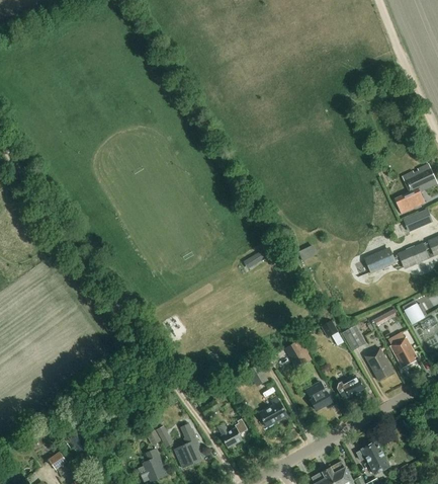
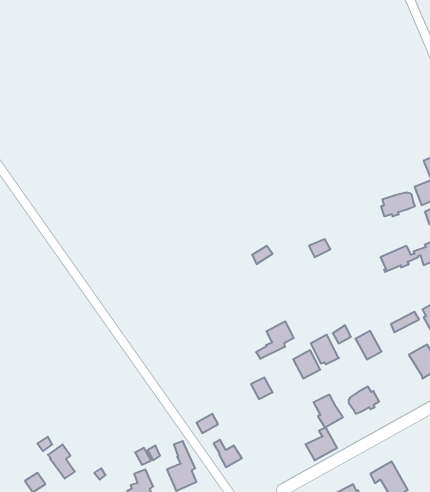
building: none -> [381,192,415,217]
building: none -> [256,321,294,359]
building: none -> [311,335,339,364]
building: [365,348,393,381] -> none
building: [259,398,287,427] -> [305,427,337,460]

